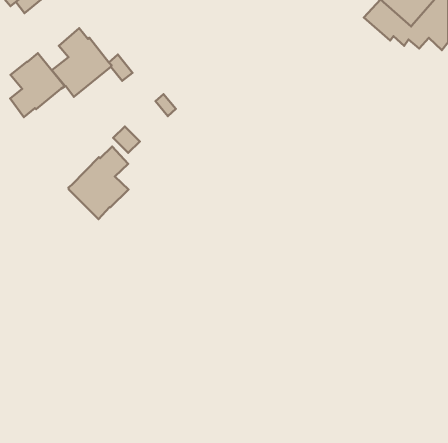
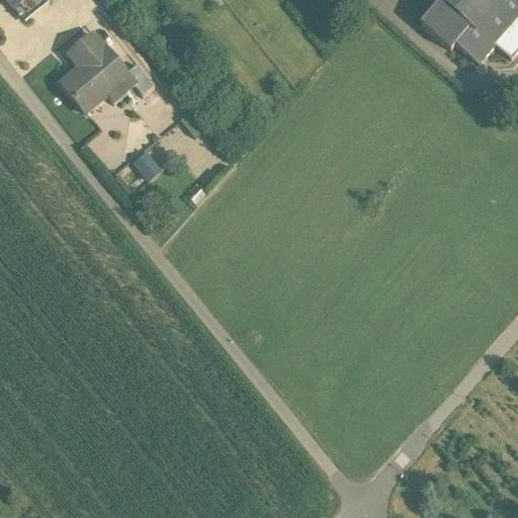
building: [10,53,64,117] -> none
building: [68,146,128,219] -> none

